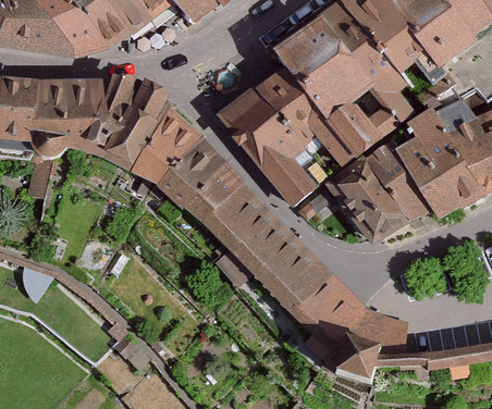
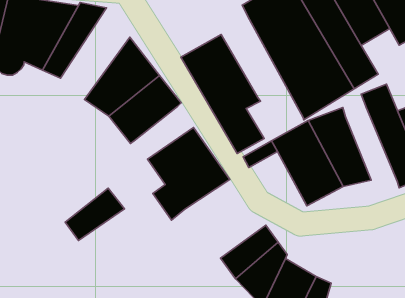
building: [256,65,352,164] -> none
building: [101,76,170,172] -> none
building: [394,136,456,216] -> none
building: [185,164,243,222] -> [65,188,124,241]
building: [247,230,331,310] -> none

